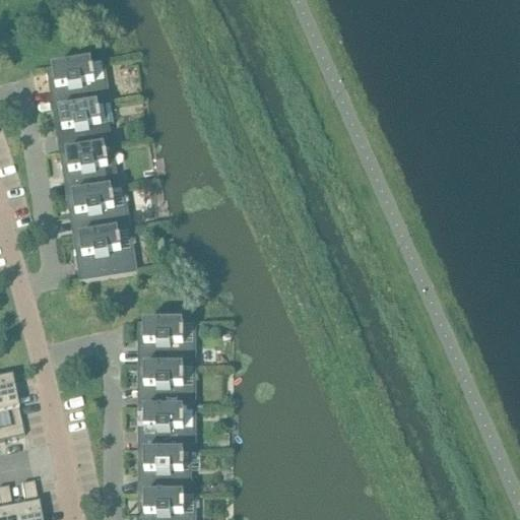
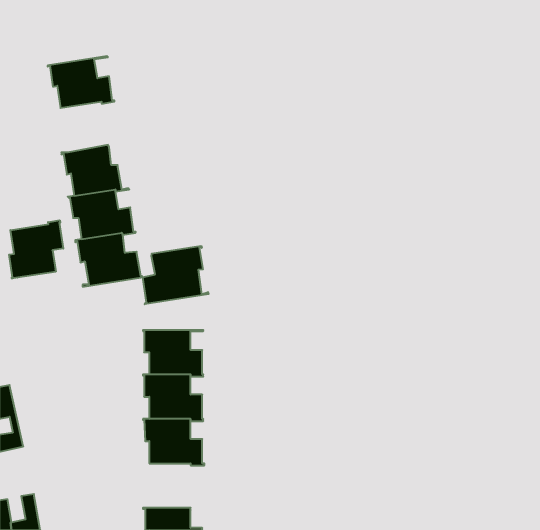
building: [52,98,112,146] -> none
building: none -> [9,220,63,279]
building: none -> [143,246,209,304]
building: [137,445,196,490] -> none

